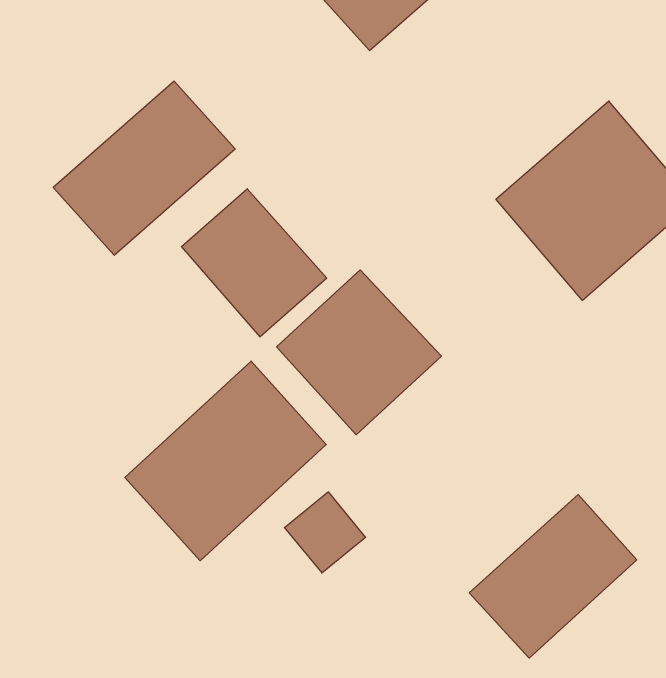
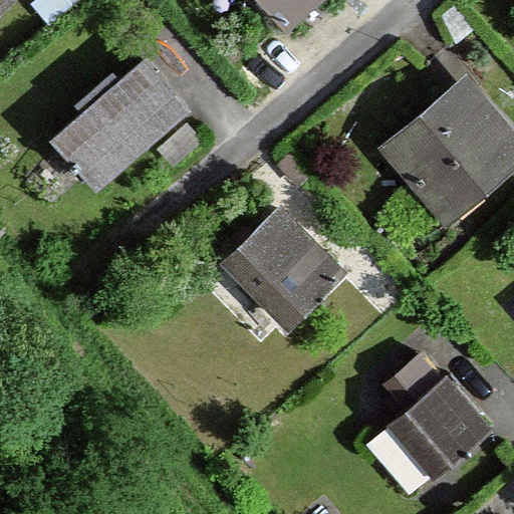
building: [182,189,327,337] -> none
building: [125,361,326,561] -> none

